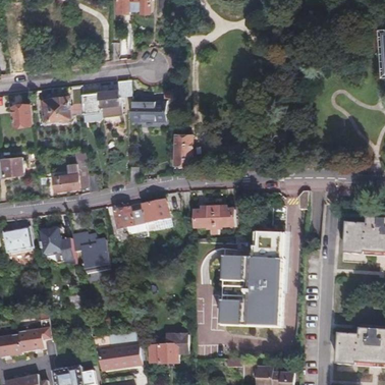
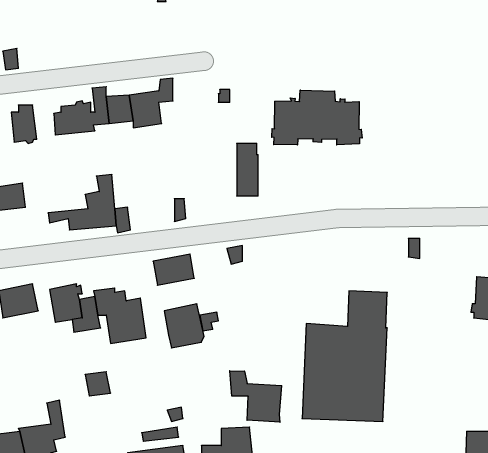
building: none -> [272,90,362,145]
building: [128,101,169,121] -> none
building: [141,202,169,233] -> [164,304,204,348]
building: [194,207,233,234] -> none
building: none -> [230,371,282,422]

